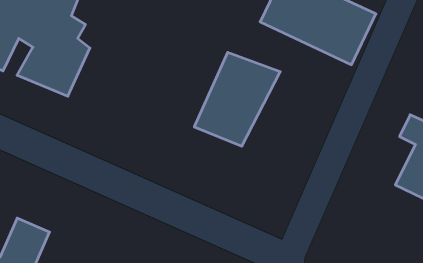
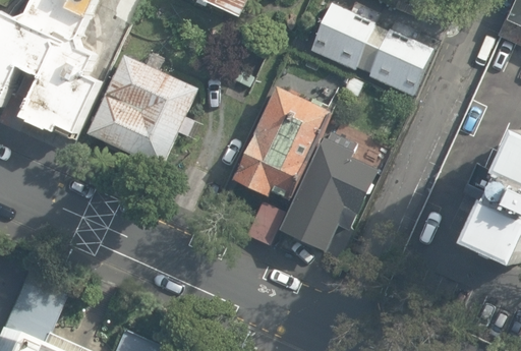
building: none -> [94,56,198,162]
building: none -> [281,133,383,264]

